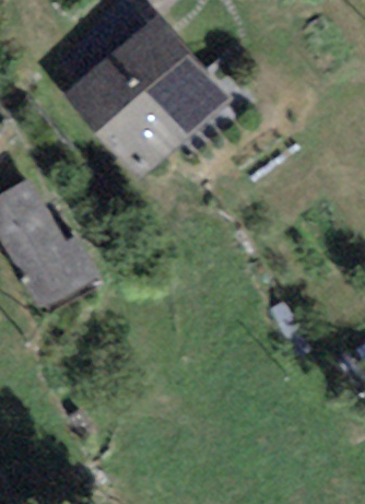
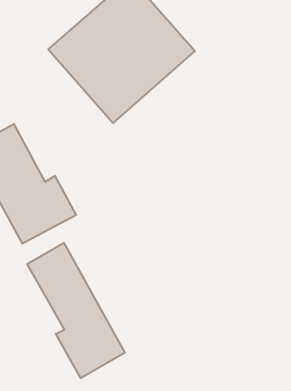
building: none -> [27,243,125,378]

